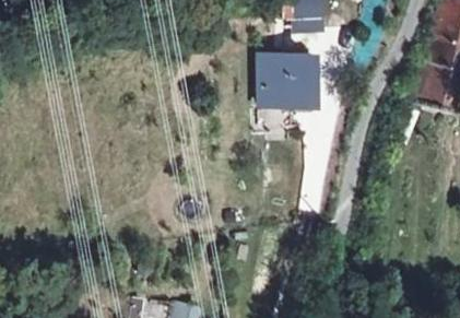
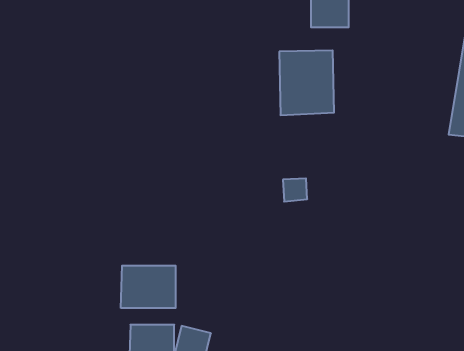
building: none -> [121,266,176,308]

